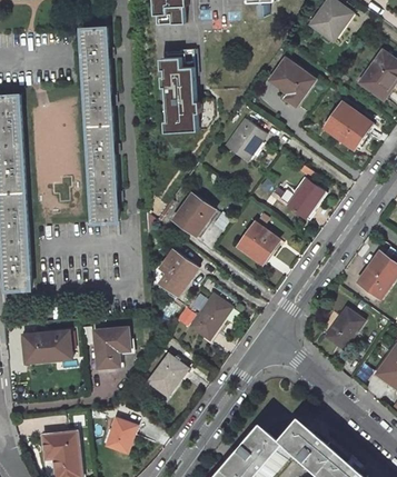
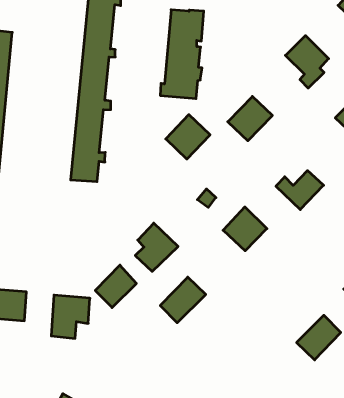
building: [176,192,216,233] -> [166,115,210,159]
building: [150,355,187,395] -> [95,265,136,308]

